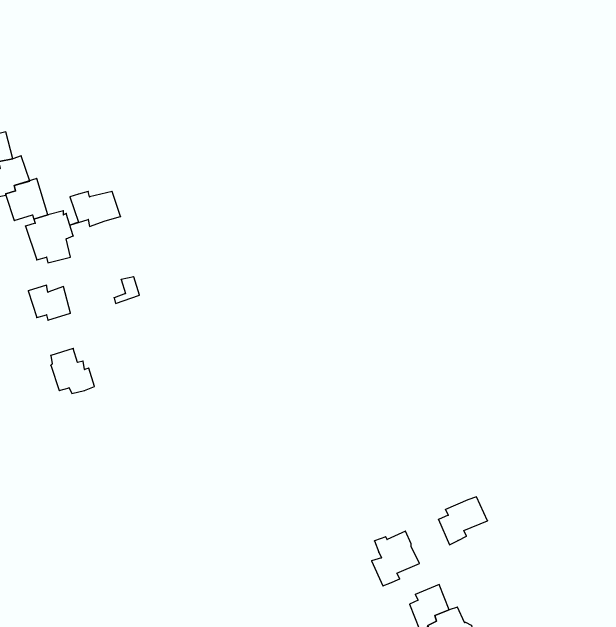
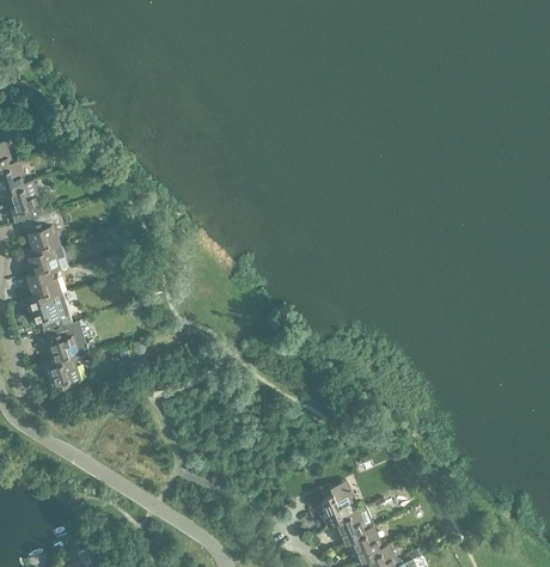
building: [70,191,121,226] -> [25,250,68,280]
building: none -> [25,297,72,334]
building: none -> [44,361,81,391]
building: [438,497,488,545] -> [332,508,374,549]

